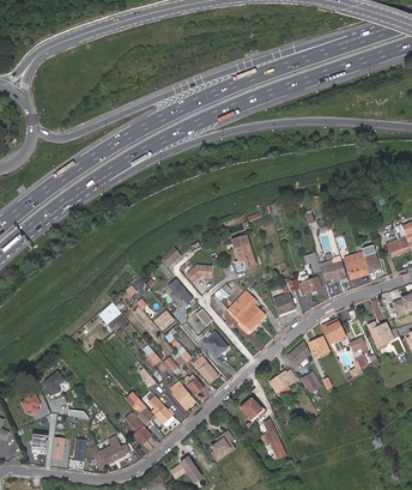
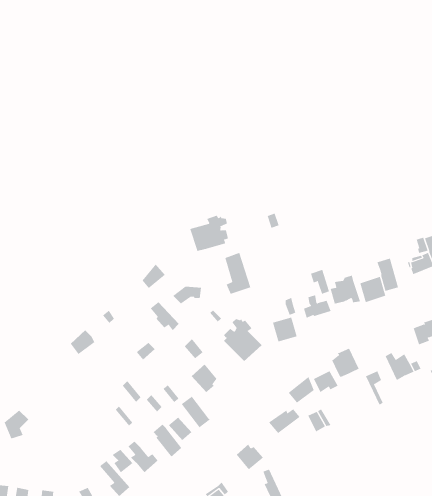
building: none -> [190,215,229,252]

